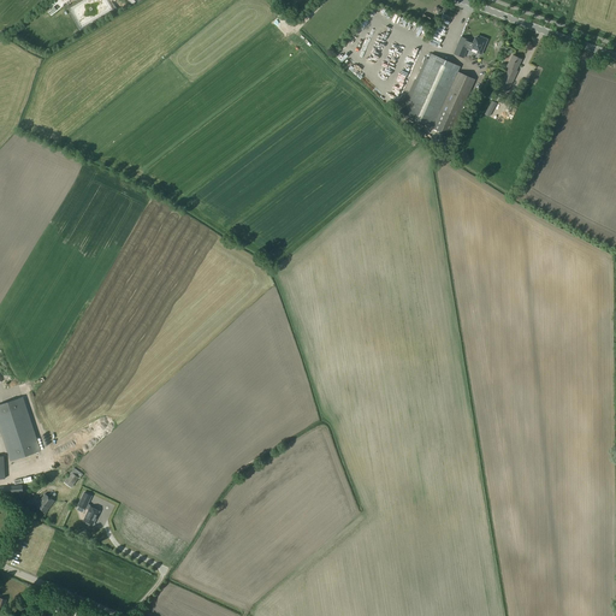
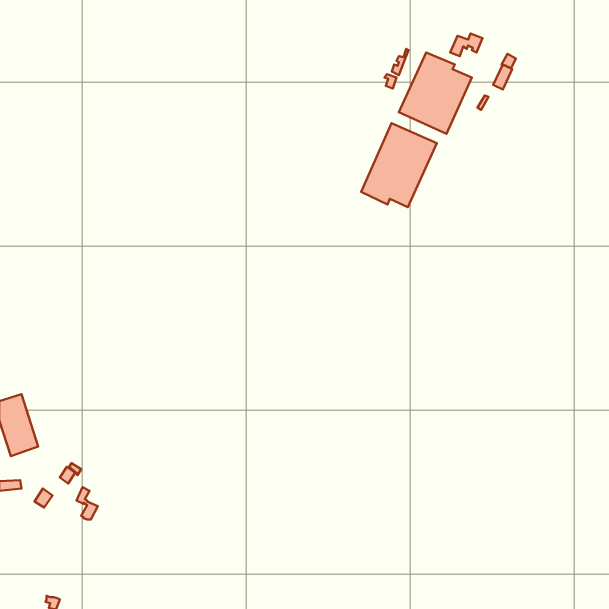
building: none -> [361,123,437,207]

